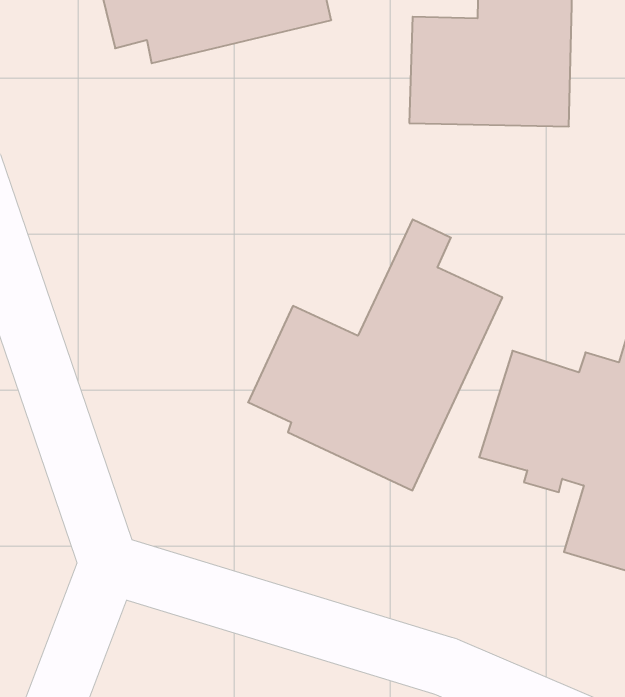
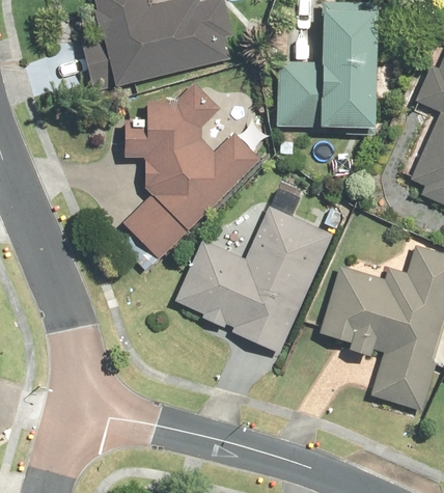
building: none -> [119,81,262,262]

